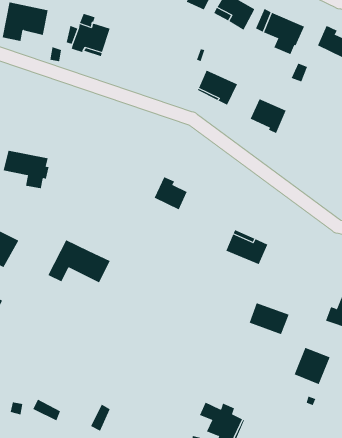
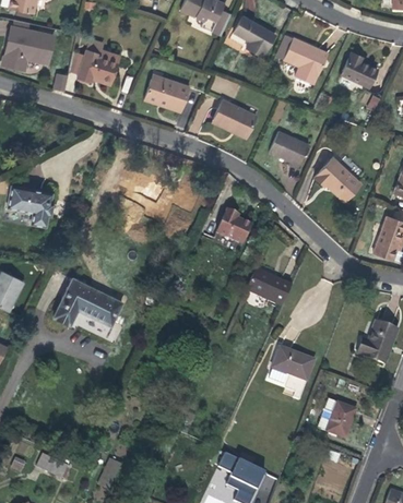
building: none -> [145,77,190,110]
building: none -> [317,157,361,200]
building: [154,177,187,210] -> [216,209,252,245]

